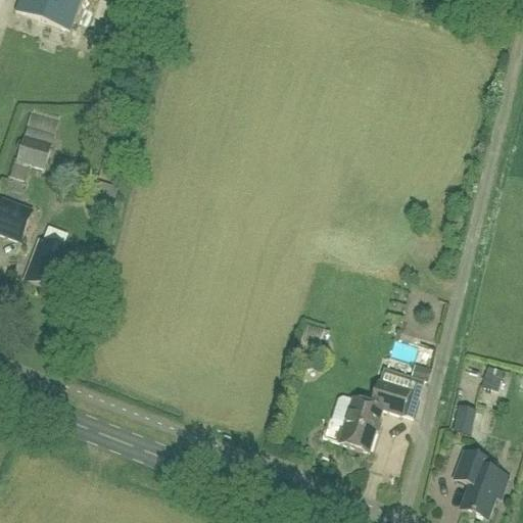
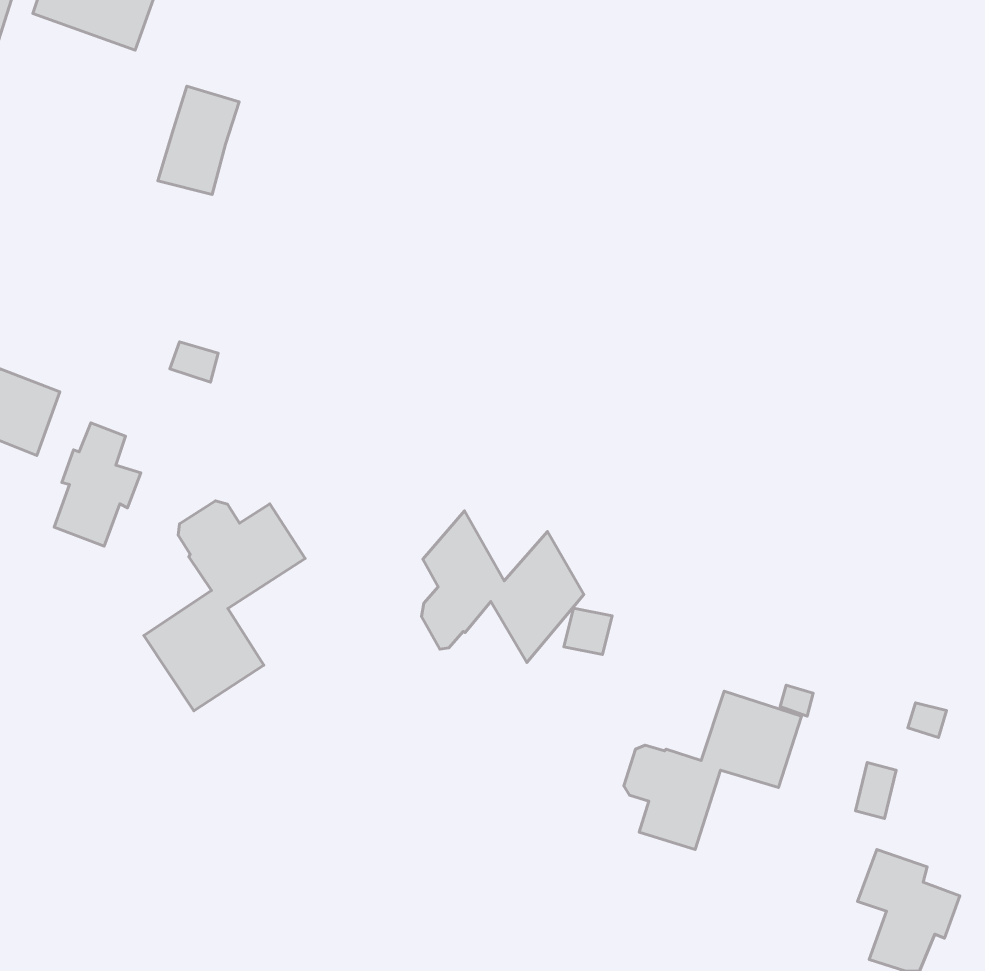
building: [14,109,57,167] -> [158,86,239,194]
building: none -> [144,501,305,711]
building: none -> [422,511,584,663]

